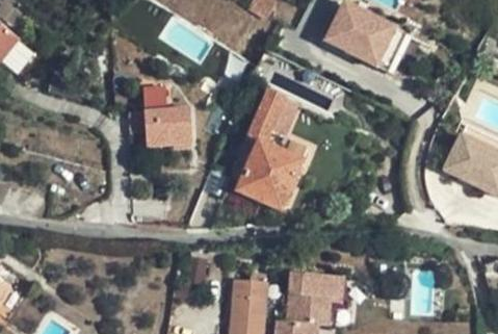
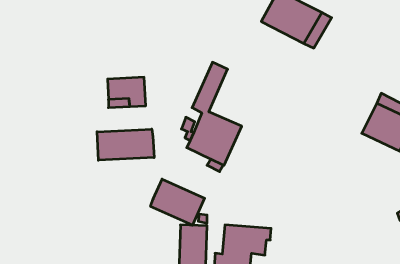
building: [264,97,310,163] -> none
building: none -> [97,129,154,160]
building: none -> [151,179,205,225]

